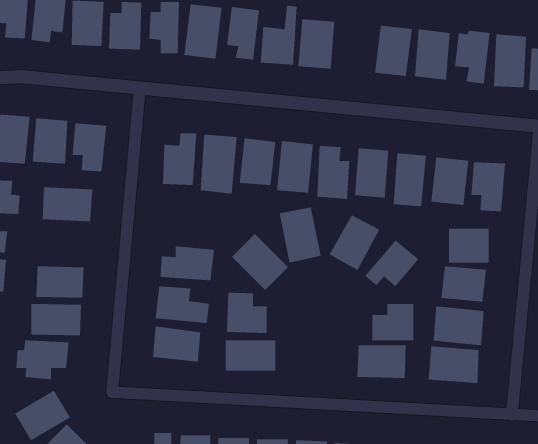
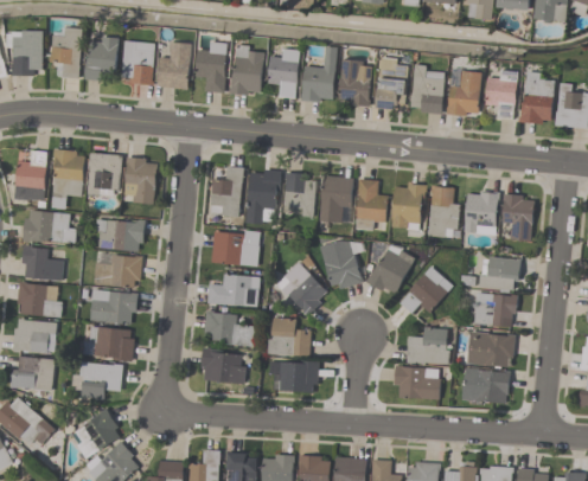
building: none -> [375,58,409,110]
building: none -> [209,227,258,267]
building: none -> [91,254,140,288]

